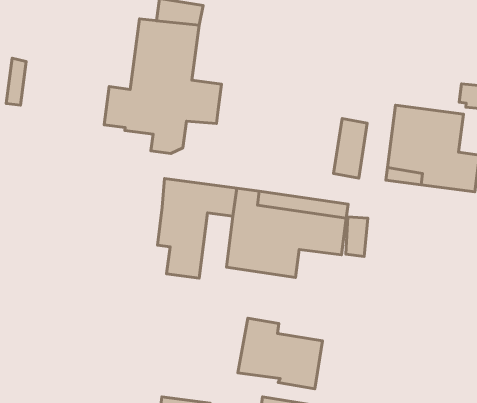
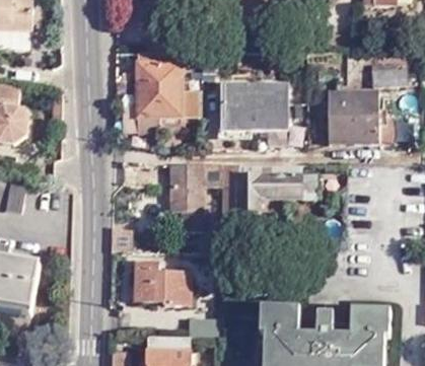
building: none -> [223,85,284,129]
building: [238,318,323,389] -> [134,260,191,303]

